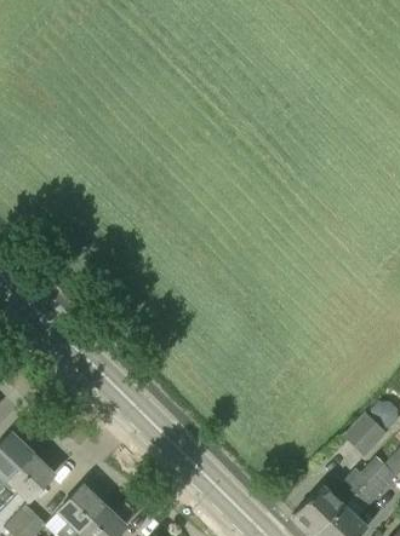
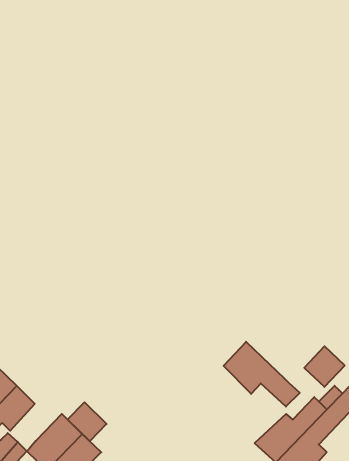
building: none -> [224,342,300,407]
building: none -> [68,402,107,441]

